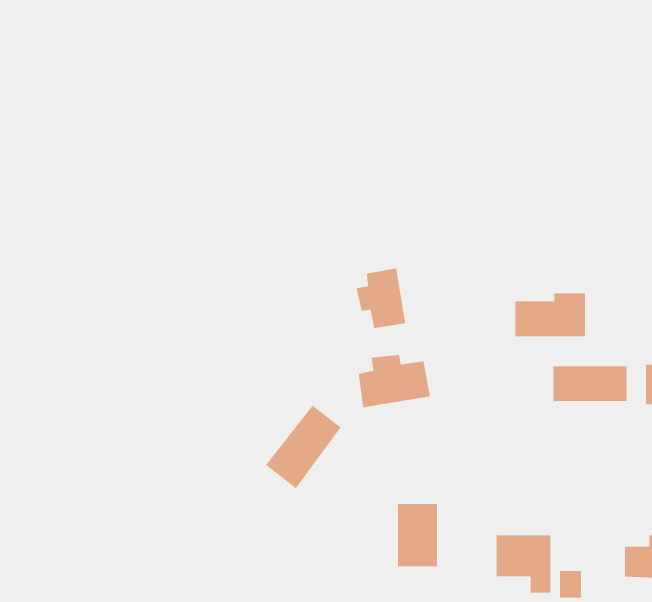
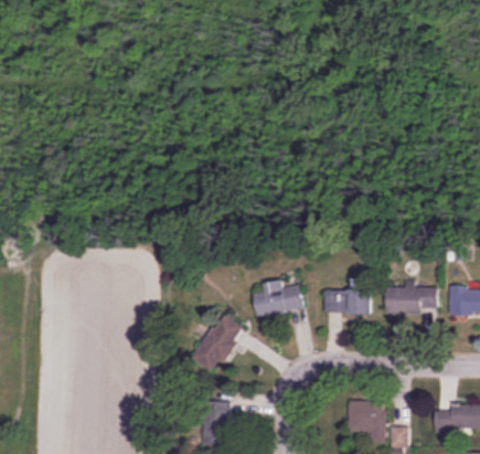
building: [356,267,406,329] -> none
building: [515,293,586,337] -> [323,285,372,315]
building: [397,504,438,567] -> [204,401,232,444]

